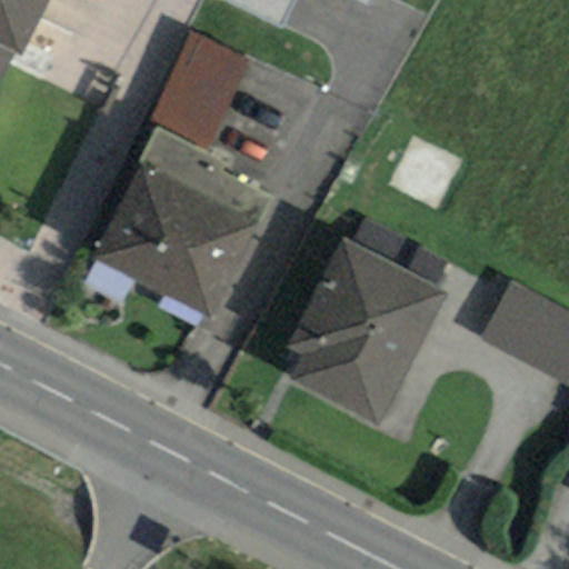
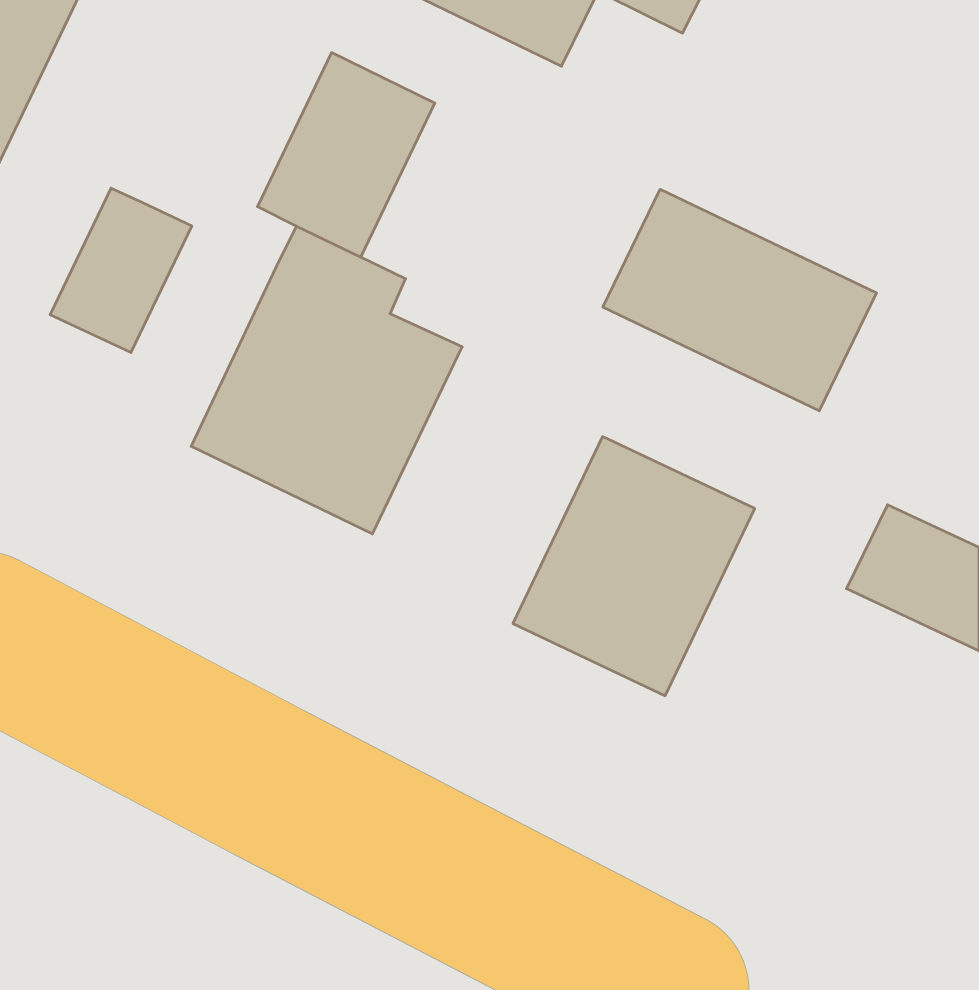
building: none -> [50,188,192,353]
building: none -> [603,189,877,411]

